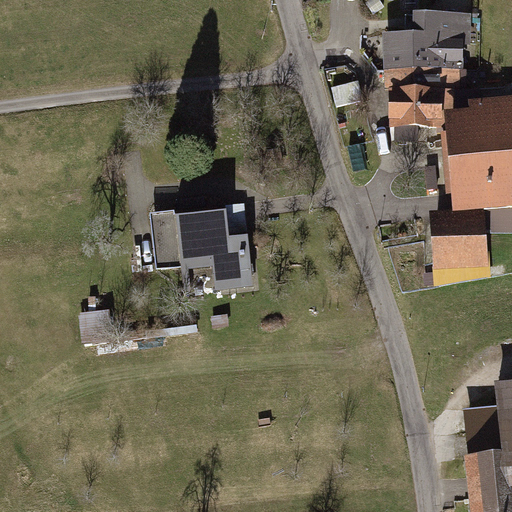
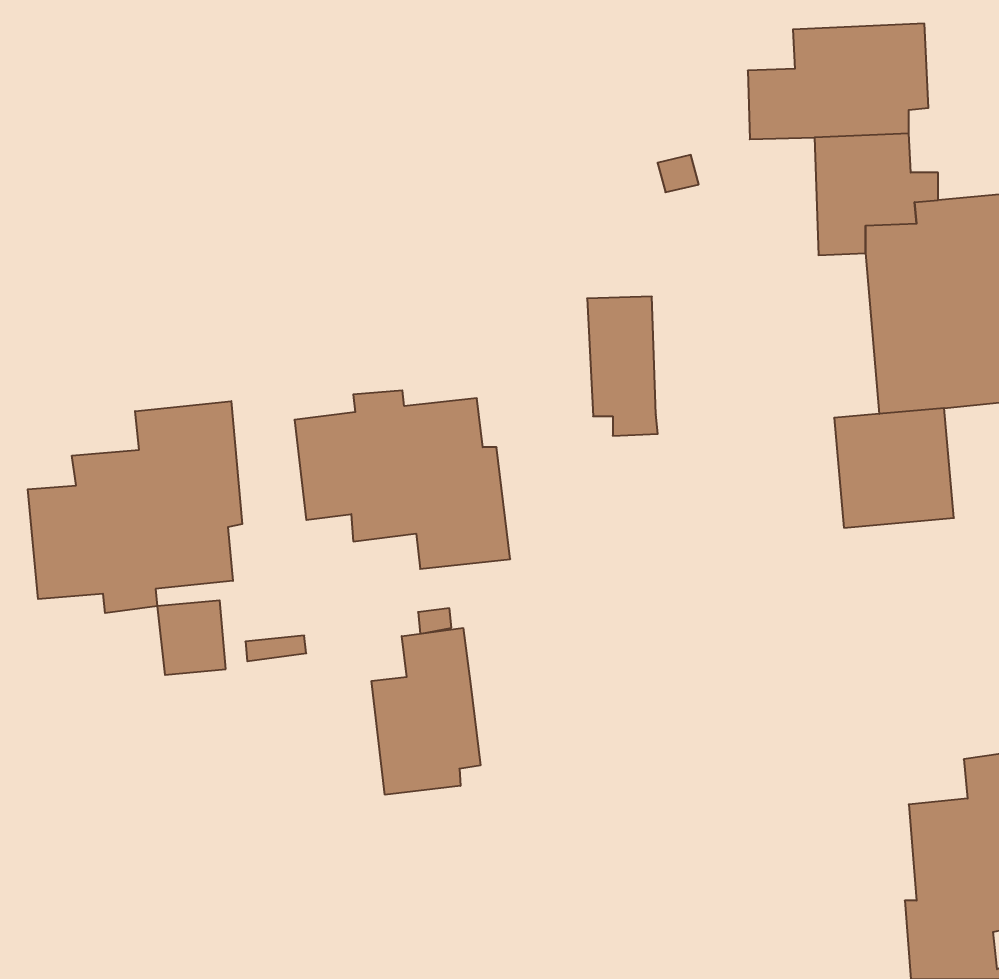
building: [384,70,420,141] -> [587,297,658,436]
building: none -> [28,401,242,613]
building: none -> [372,628,480,795]

